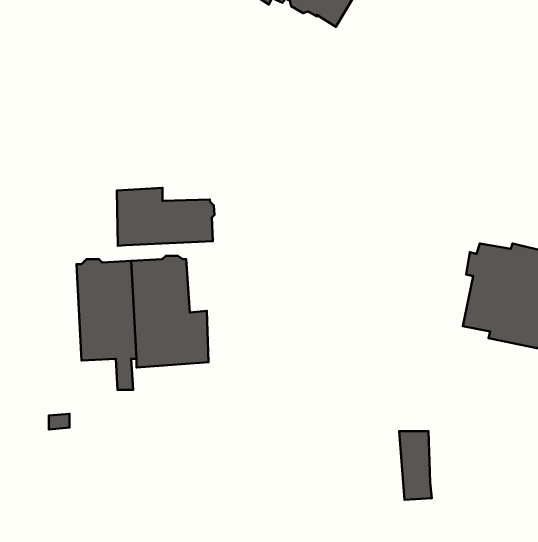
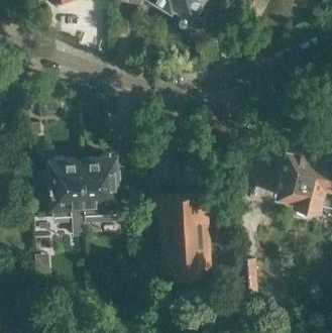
building: [117,188,215,246] -> none
building: none -> [152,200,214,276]

